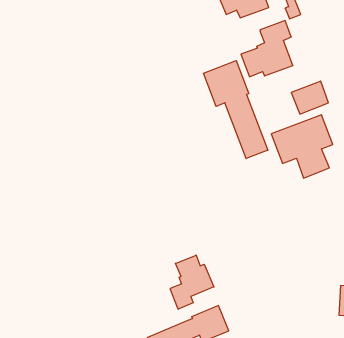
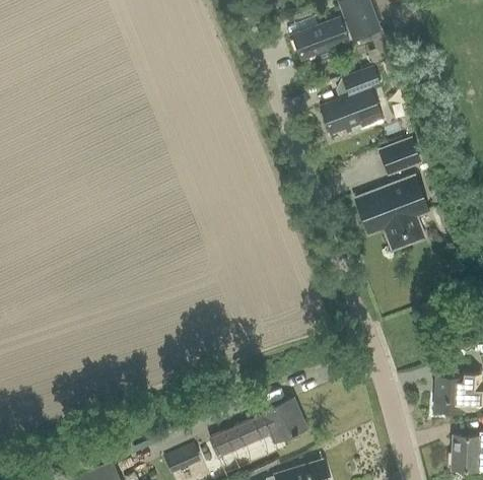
building: [203,61,268,159] -> none
building: [170,255,214,309] -> none

